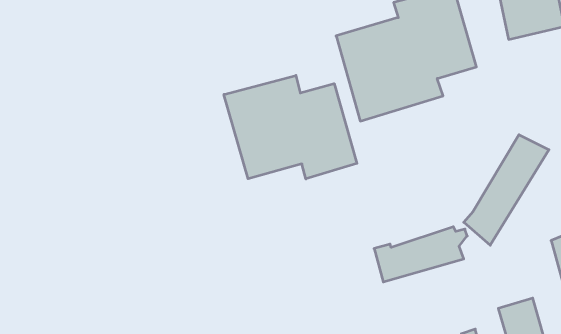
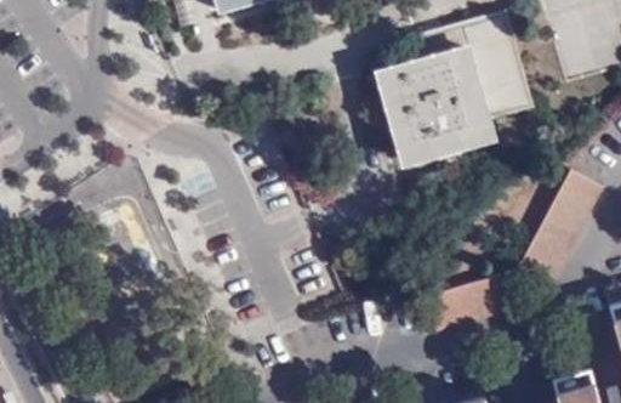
building: [224,75,357,179] -> none

